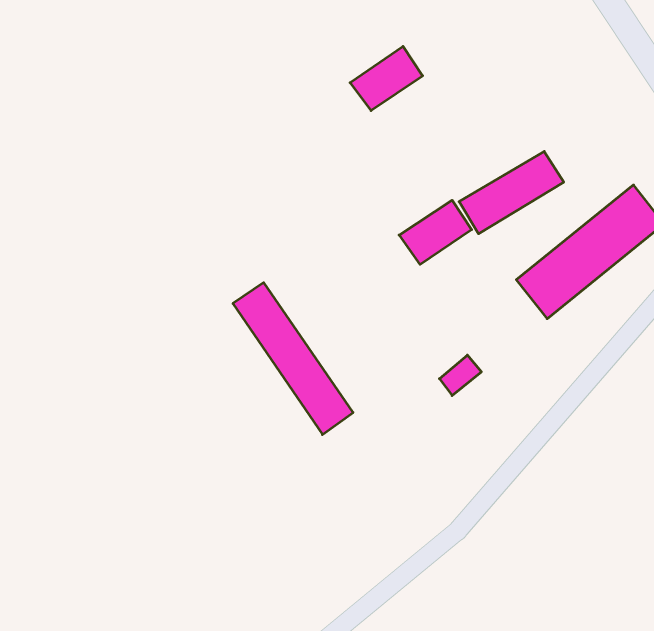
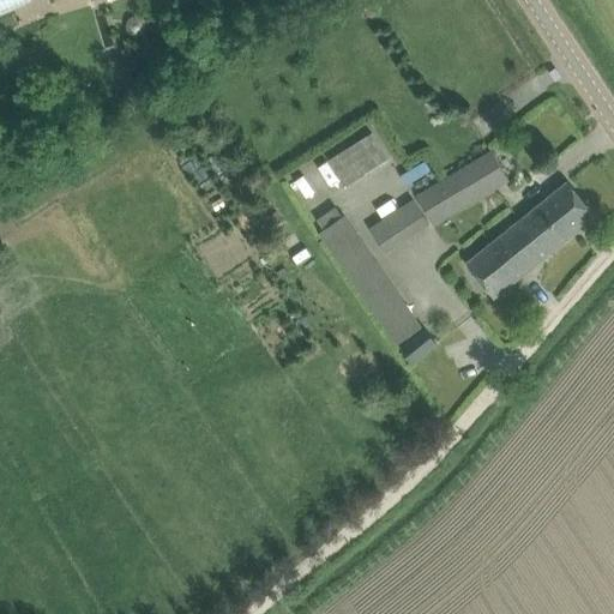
building: [350,46,423,111] -> [327,130,390,185]
building: [233,283,353,435] -> [318,215,421,345]

